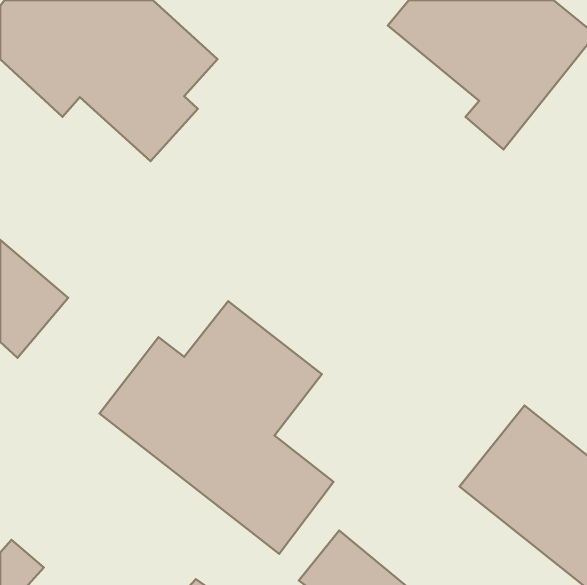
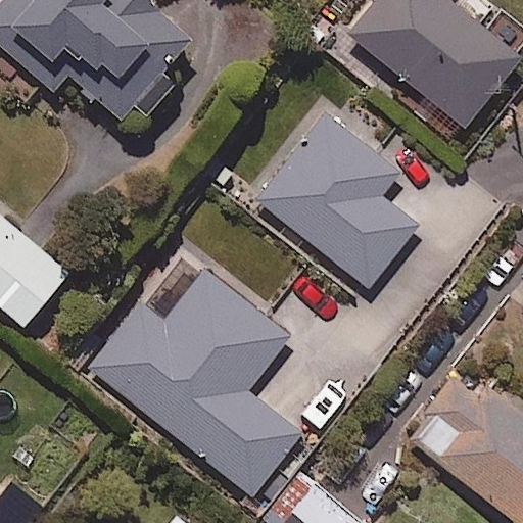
building: none -> [257,114,417,287]

